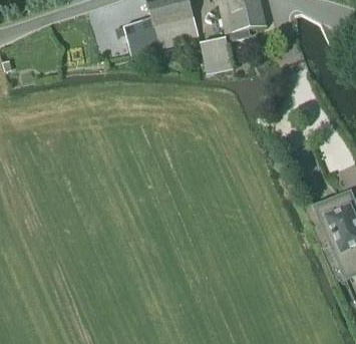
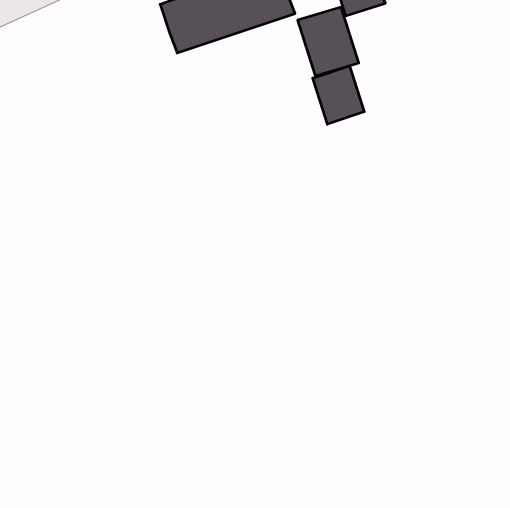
building: none -> [313,66,364,124]

